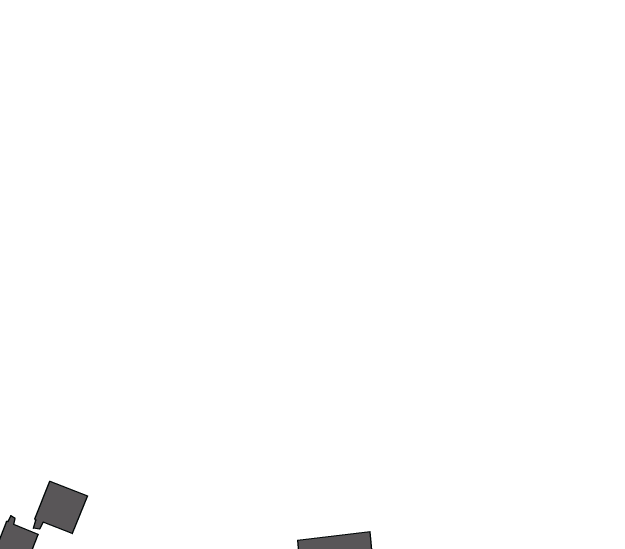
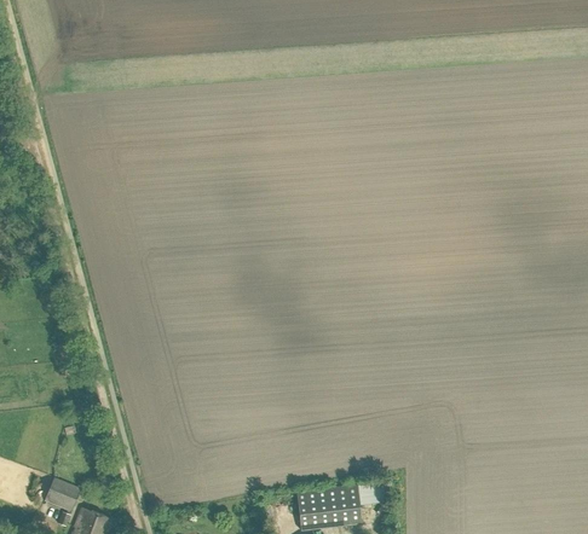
building: [33,481,87,534] -> none

